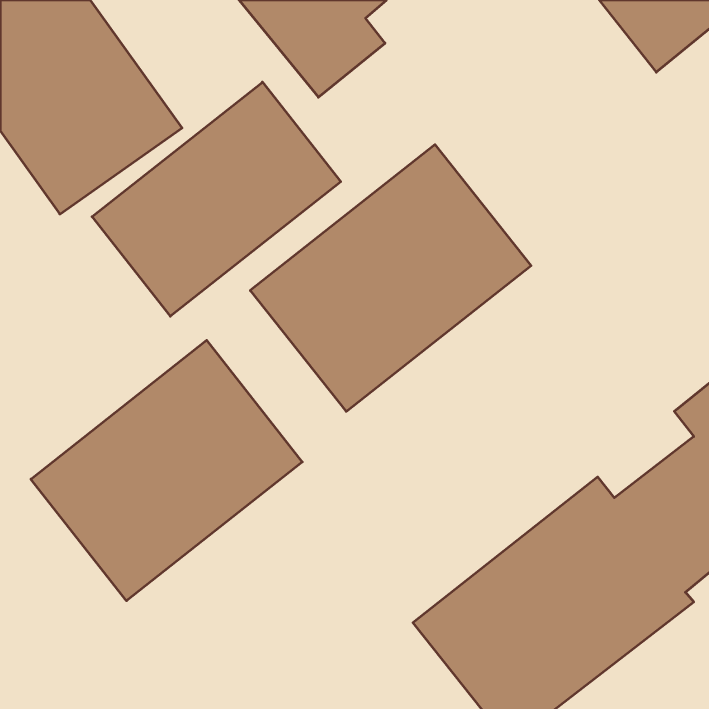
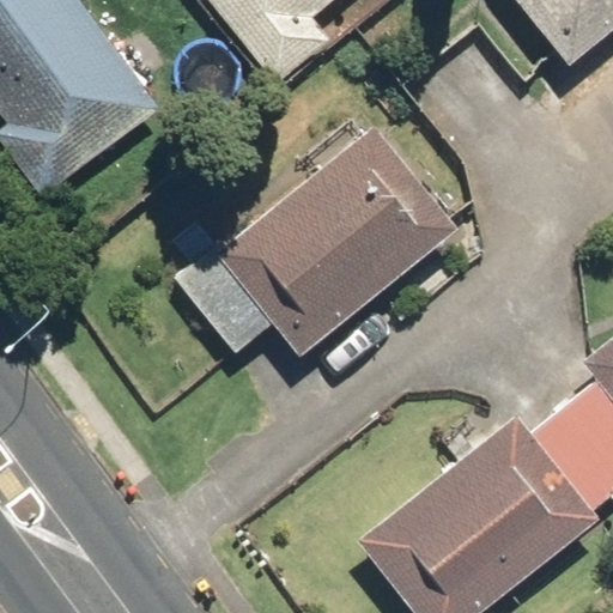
building: [92,82,341,316] -> none
building: [31,340,302,601] -> none

